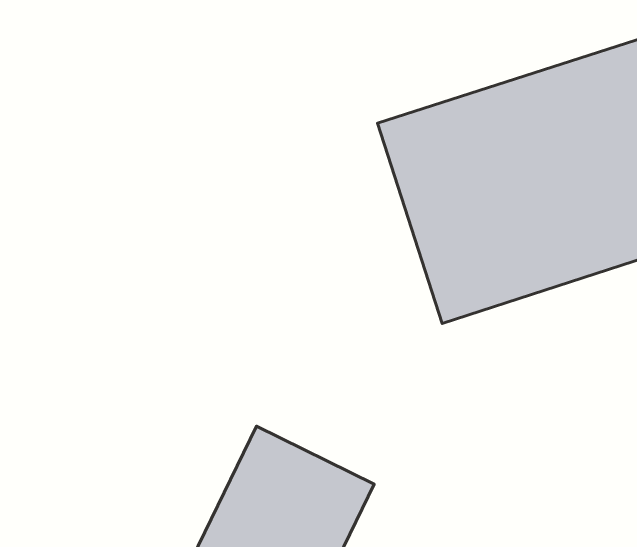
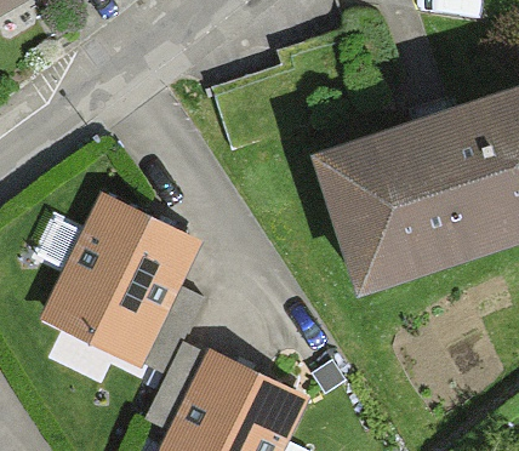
building: none -> [53,206,198,367]

